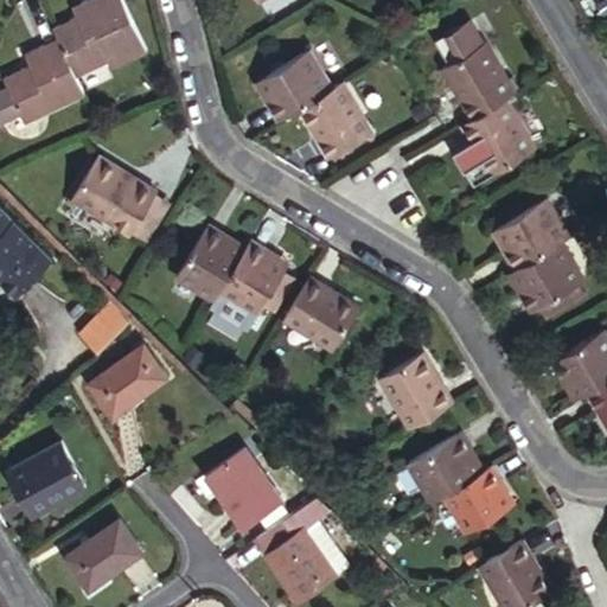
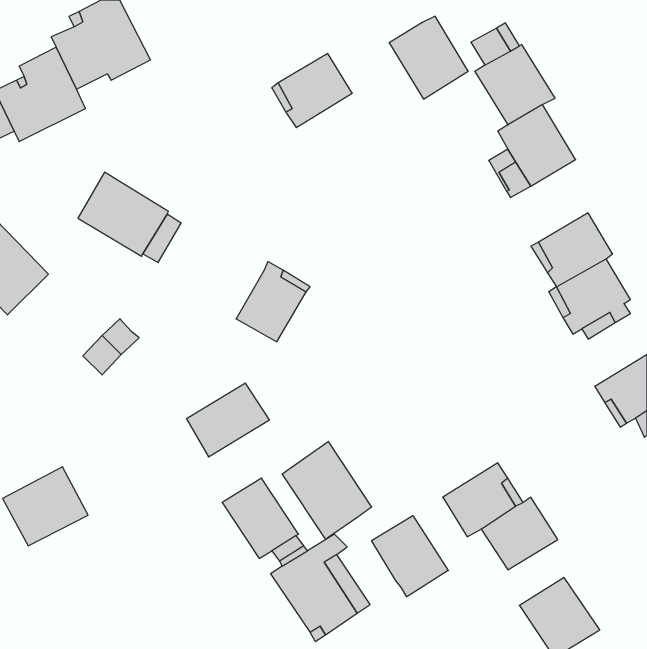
building: [296,83,370,160] -> [389,16,468,99]
building: [175,230,245,306] -> none
building: [285,281,358,351] -> none
building: [88,343,165,411] -> [187,383,270,457]
building: [381,353,454,428] -> none
building: none -> [282,441,372,540]
building: none -> [372,516,448,597]
building: [60,515,134,584] -> none

